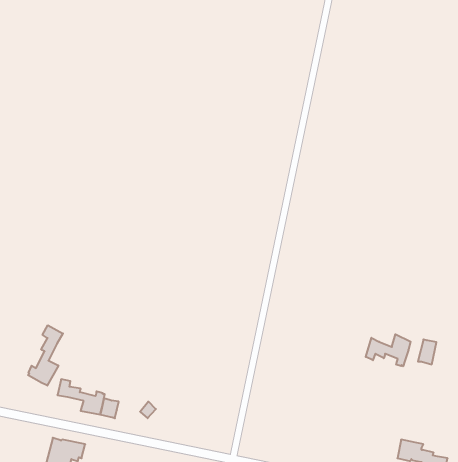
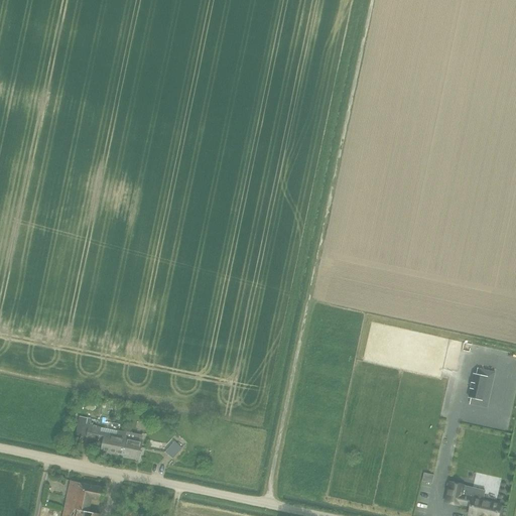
building: [28,325,63,386] -> none
building: [366,334,411,366] -> none

